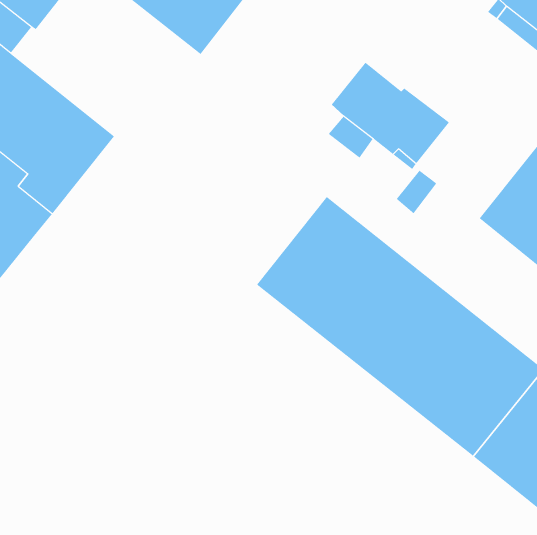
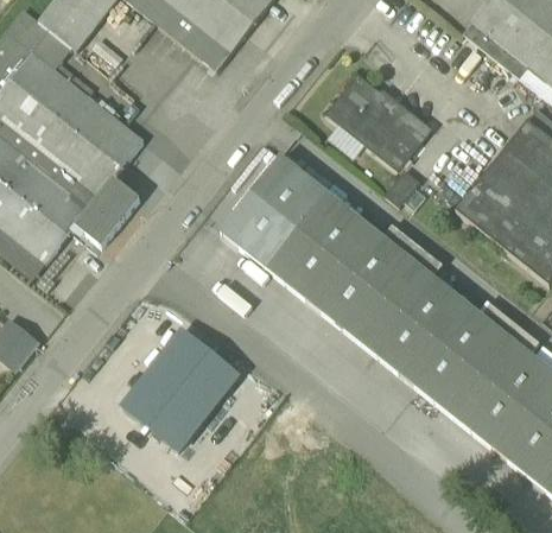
building: none -> [221,154,325,266]
building: none -> [75,176,140,245]
building: none -> [122,329,237,449]

